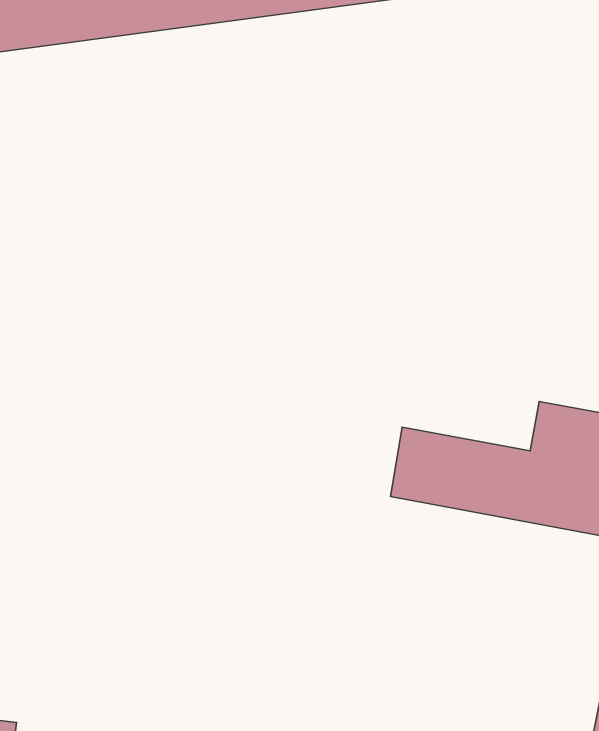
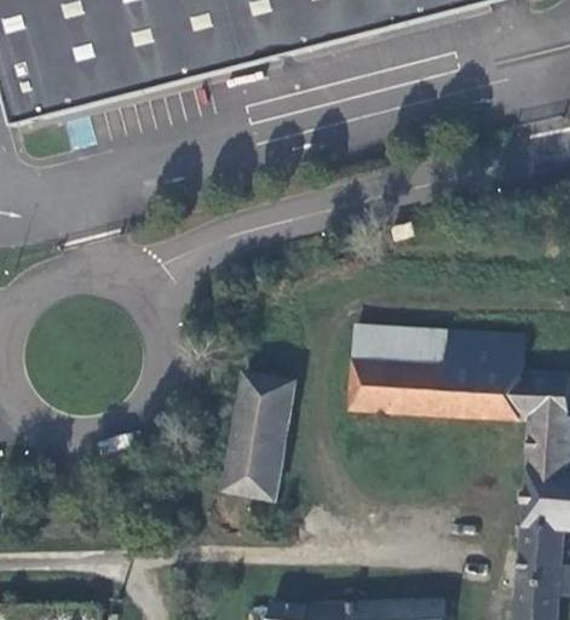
building: none -> [352,321,449,363]
building: none -> [224,371,294,501]

